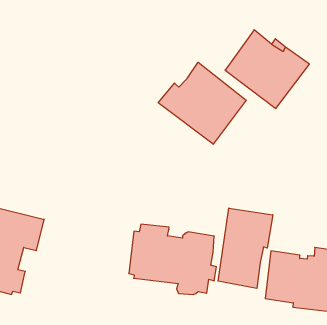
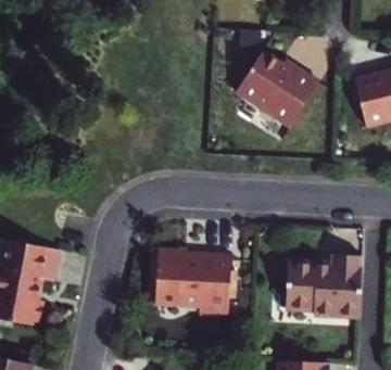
building: [158,62,246,144] -> none
building: [218,208,273,288] -> none

